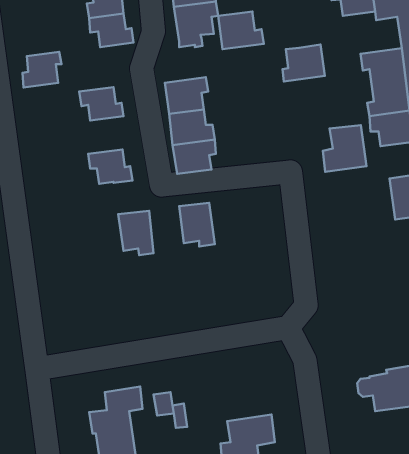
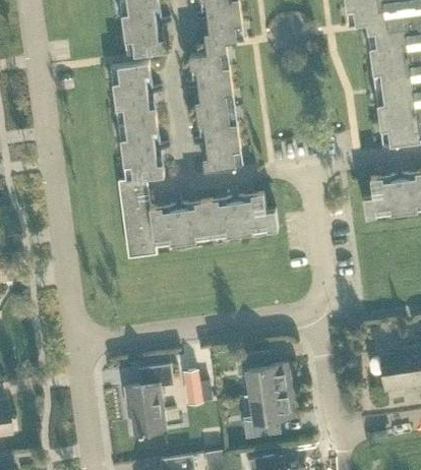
building: [218,11,264,49] -> [189,53,231,87]
building: [283,45,325,81] -> [371,27,410,61]
building: [22,52,61,87] -> [114,63,149,96]
building: none -> [121,118,157,153]
building: [323,125,366,172] -> [364,175,404,218]
building: none -> [119,178,157,259]
building: none -> [234,193,279,235]
building: none -> [179,200,210,243]
building: none -> [235,352,291,397]

